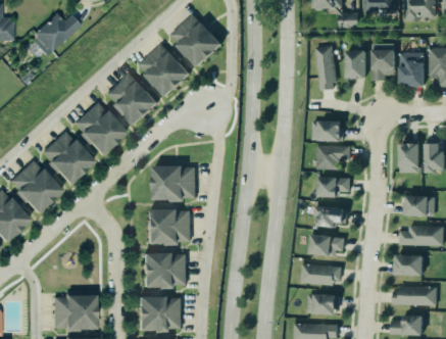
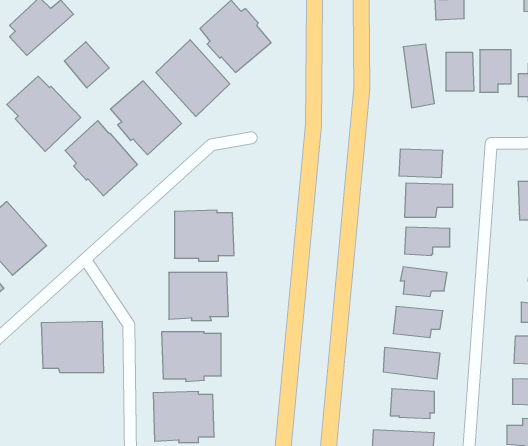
building: none -> [64,42,109,88]
building: [41,131,94,185] -> [7,76,81,151]
building: [51,293,96,330] -> [41,321,104,372]

